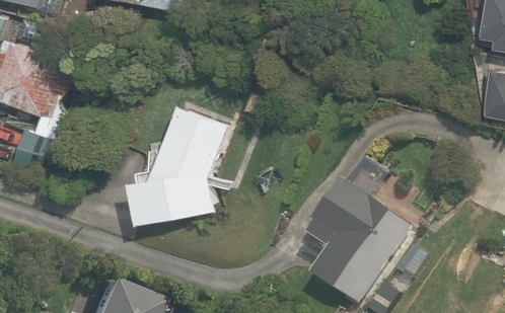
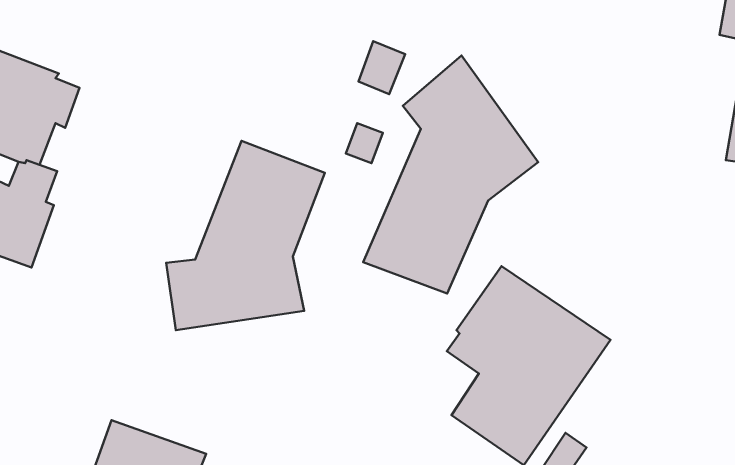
building: none -> [363,55,538,294]

